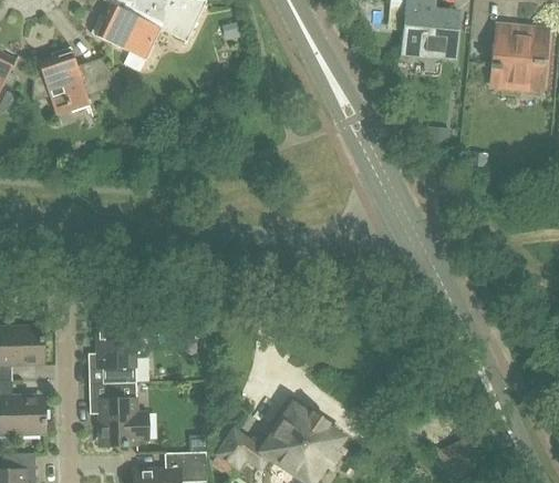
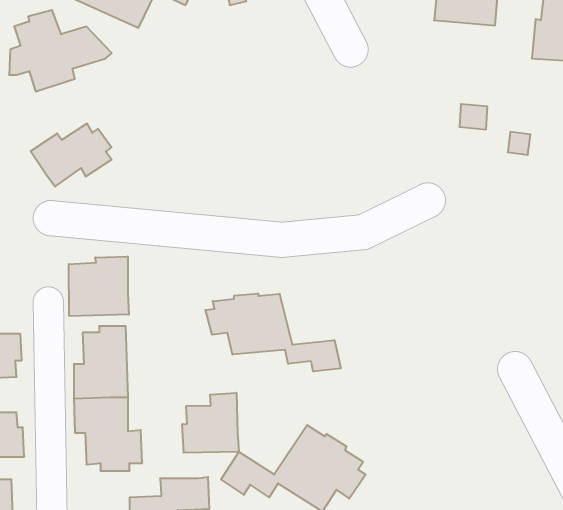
building: none -> [31,123,112,187]
building: none -> [69,256,129,316]
building: none -> [205,293,341,372]
building: none -> [182,393,239,453]

